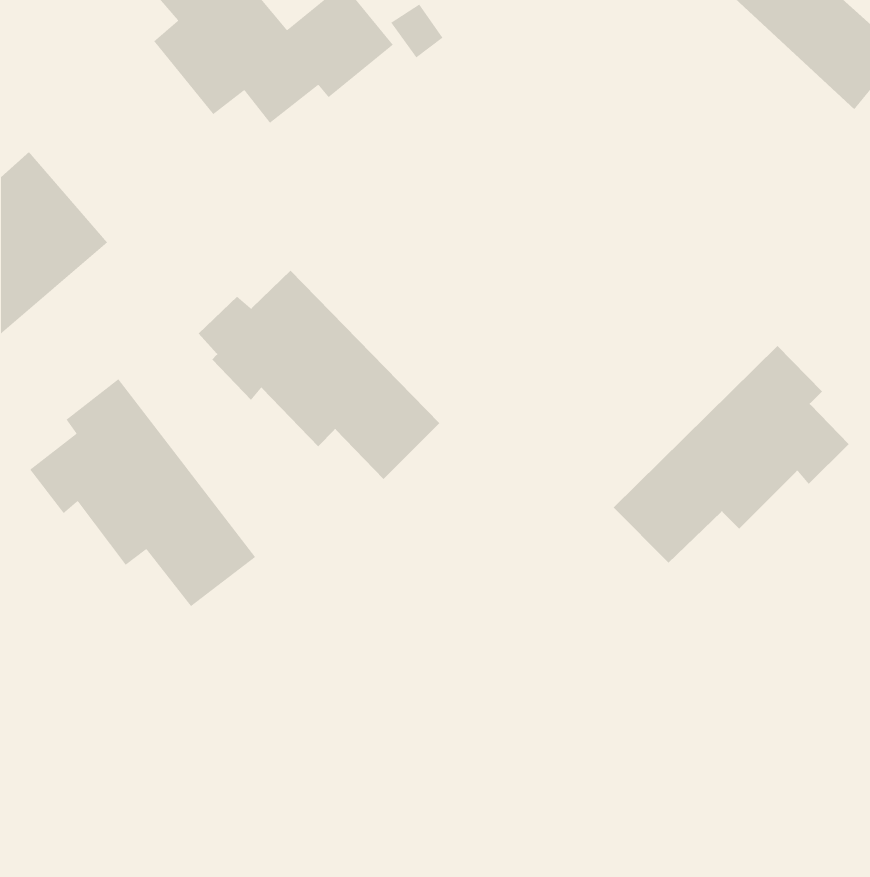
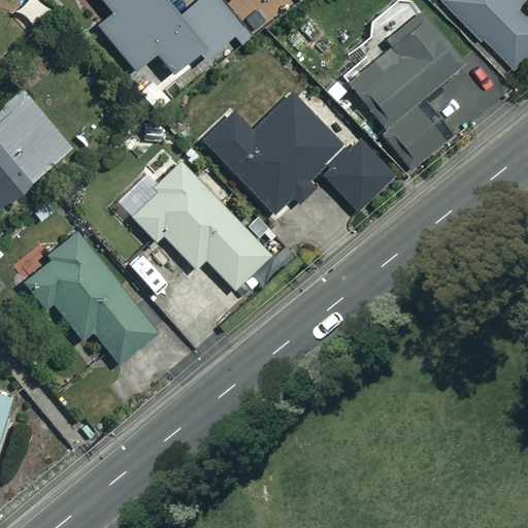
building: none -> [348,11,463,163]
building: none -> [203,94,396,212]
building: [613,345,850,563] -> none

